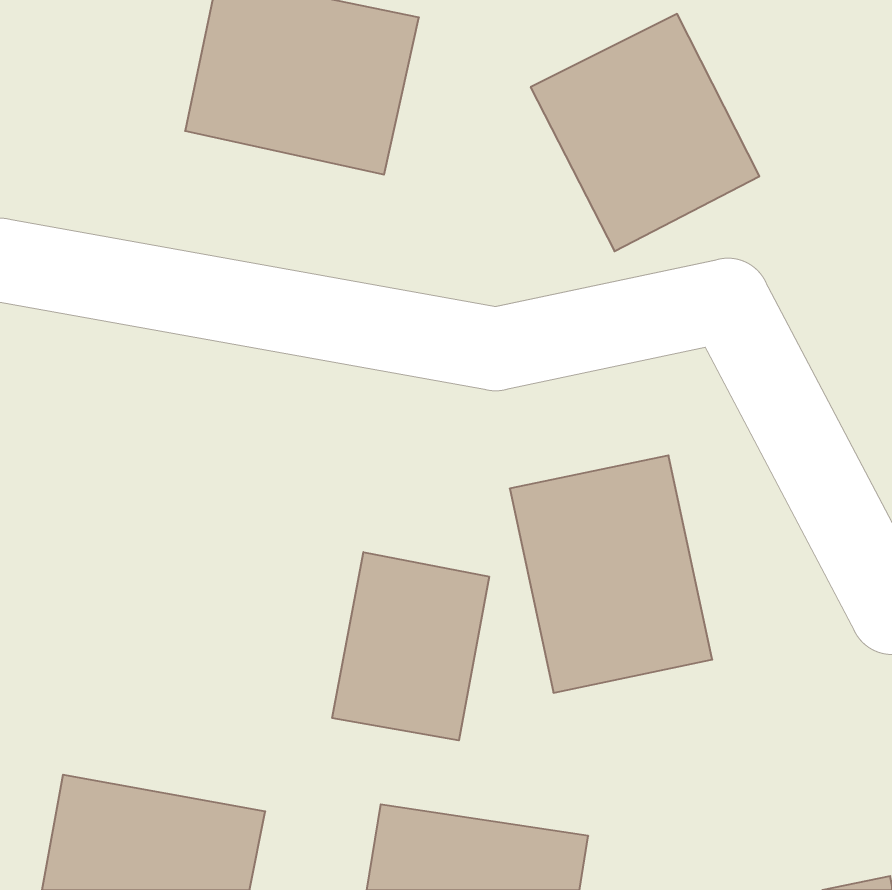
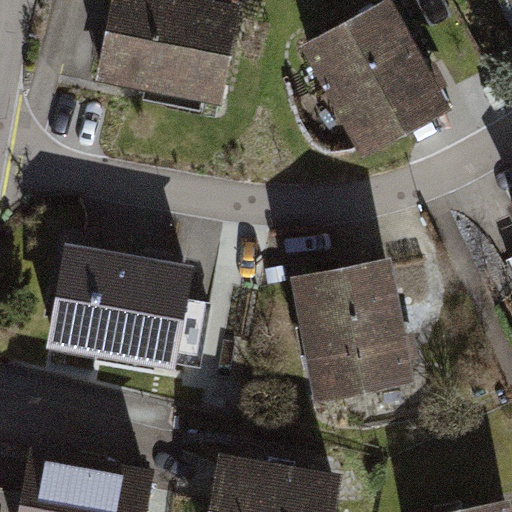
building: none -> [52,250,182,370]
building: [332,552,489,740] -> none

